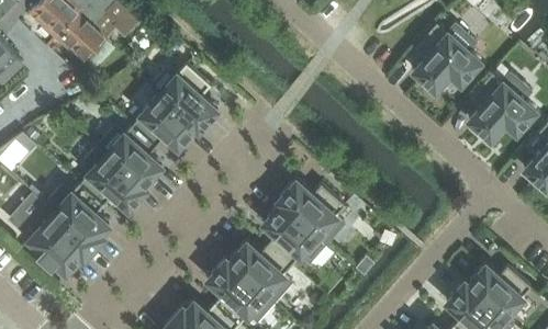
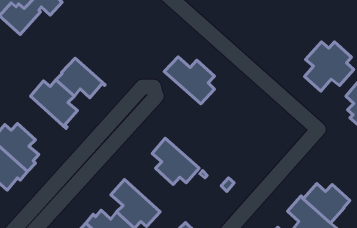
building: [413,24,481,91] -> none
building: [150,66,217,132] -> none
building: [79,147,146,211] -> none
building: [277,181,345,245] -> [164,57,215,104]
building: [225,242,292,304] -> none

